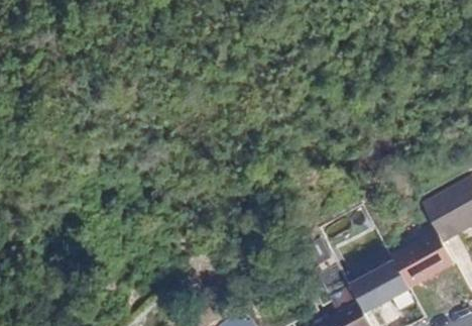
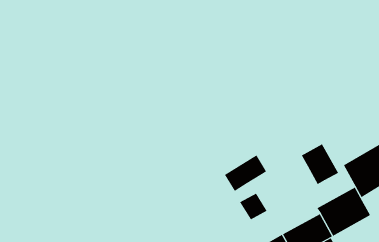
building: none -> [301,144,339,185]
building: none -> [224,154,267,192]

